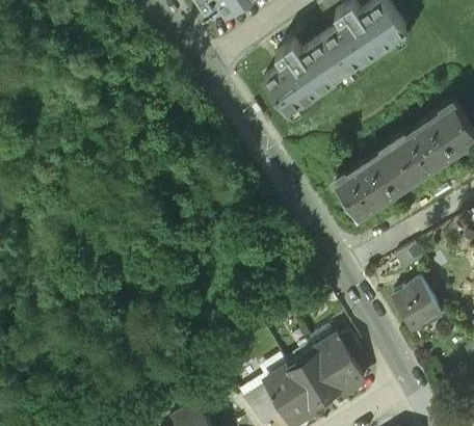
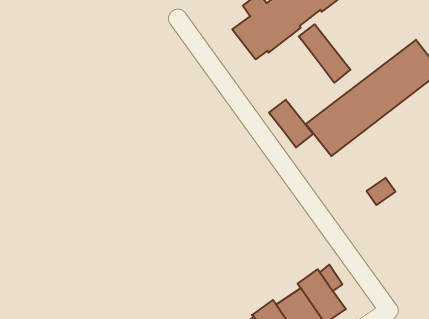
building: none -> [299,24,350,83]
building: none -> [269,100,313,148]
building: [393,281,440,329] -> none

